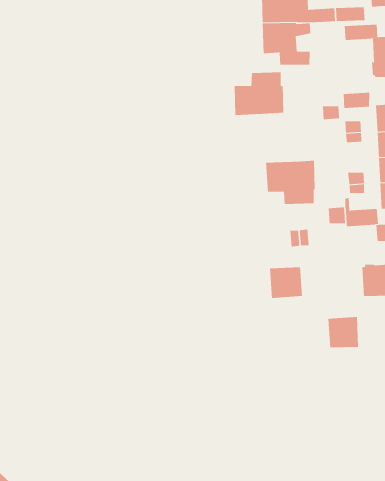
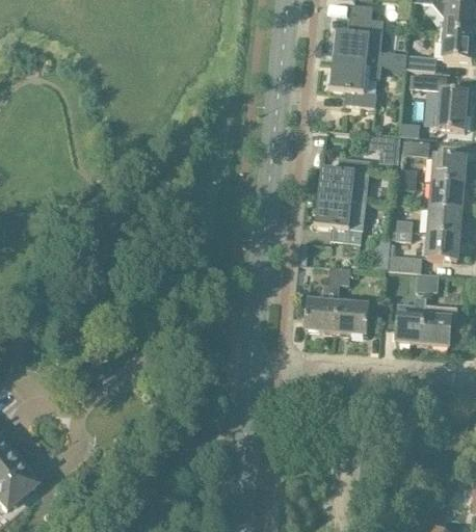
building: [234,72,284,115] -> [318,156,370,200]
building: [327,316,359,348] -> [337,302,369,335]

